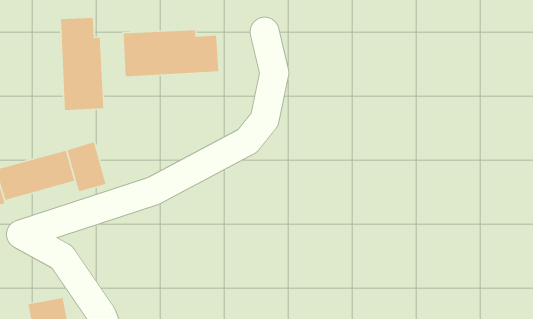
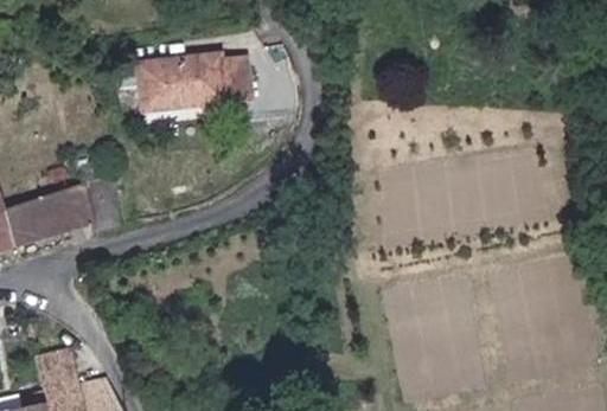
building: [60,17,104,111] -> none

